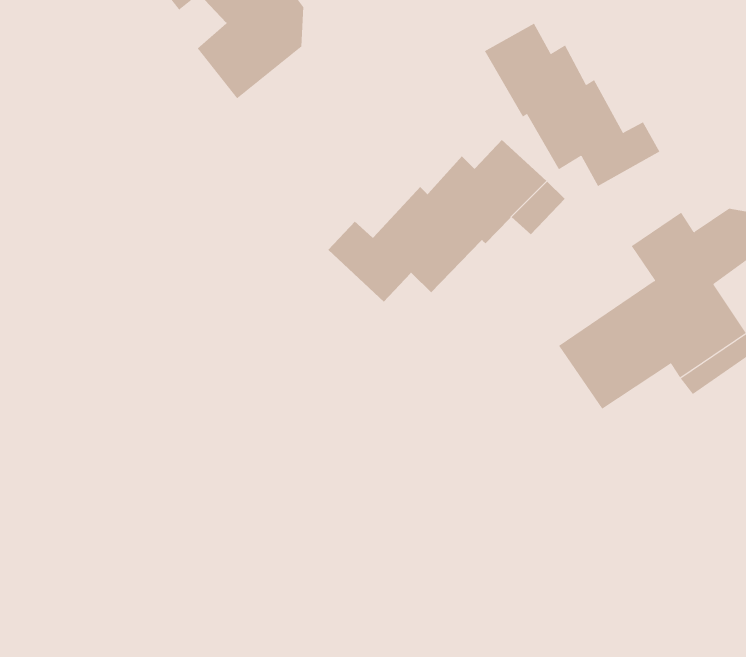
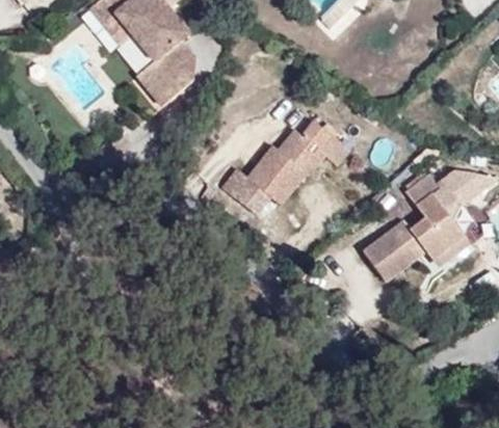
building: [484,23,660,187] -> none

